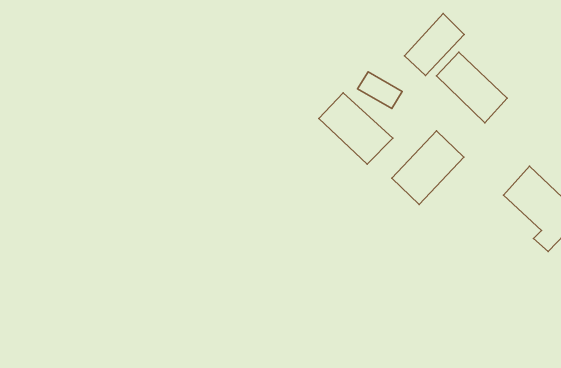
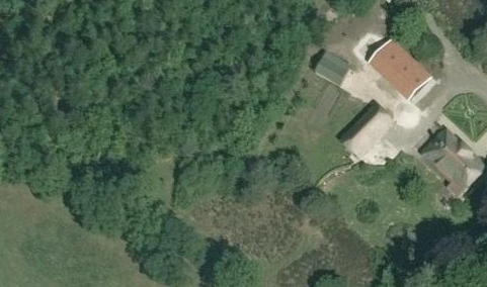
building: [404,14,464,76] -> none
building: [319,93,393,164] -> none

